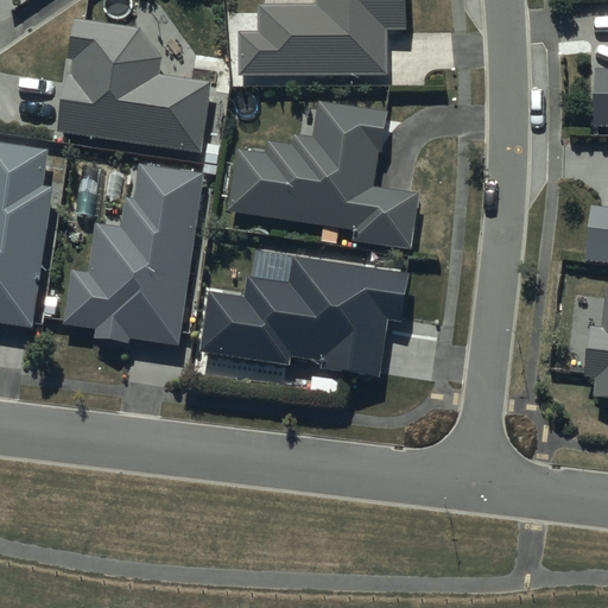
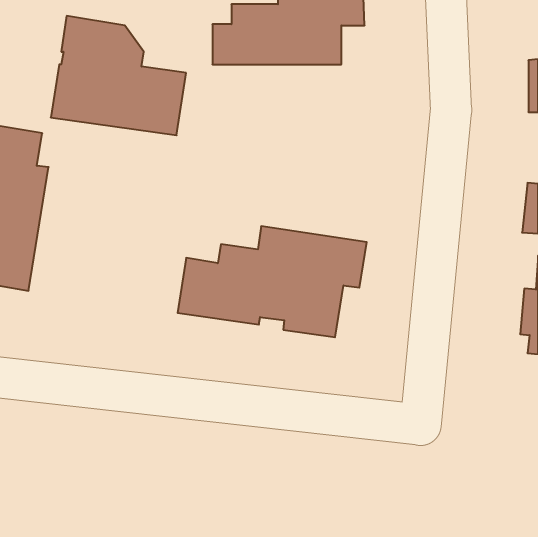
building: [228,99,418,249] -> none
building: [63,163,201,343] -> none

